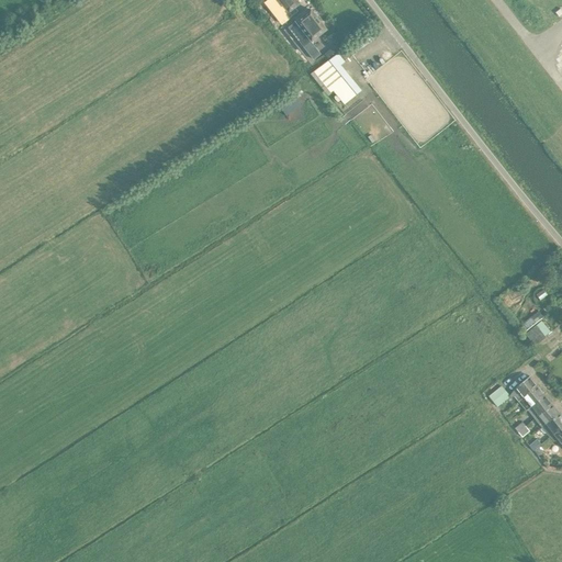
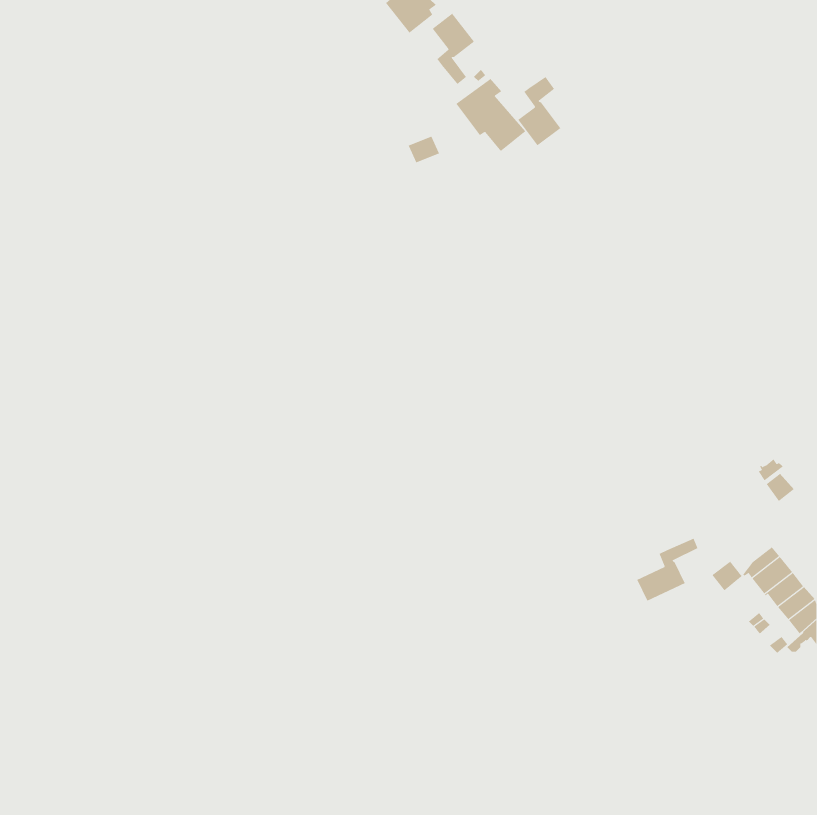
building: none -> [517,76,561,146]
building: none -> [637,538,698,602]

